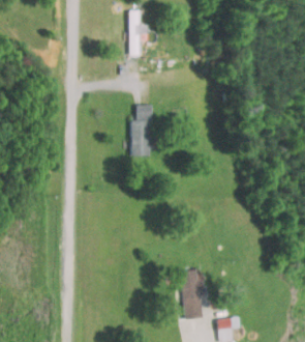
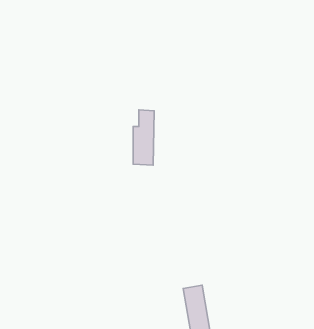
building: [130,10,148,56] -> none

